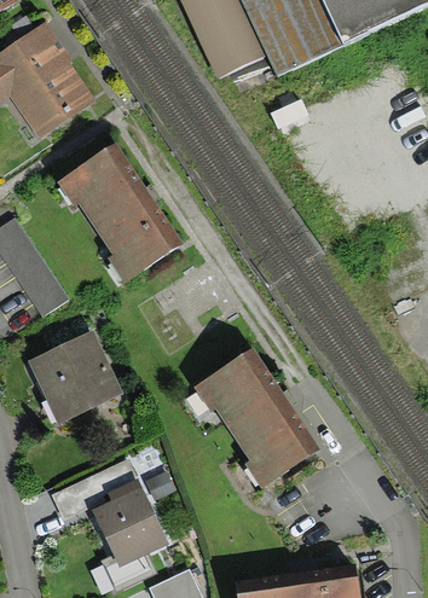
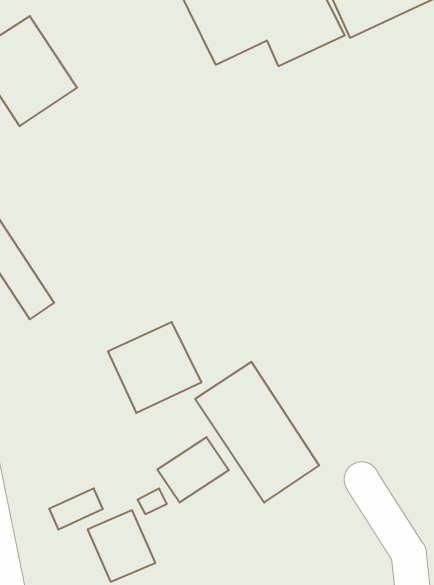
building: [63,149,178,279] -> none
building: [29,335,117,420] -> [108,322,201,413]
building: none -> [157,437,229,503]

